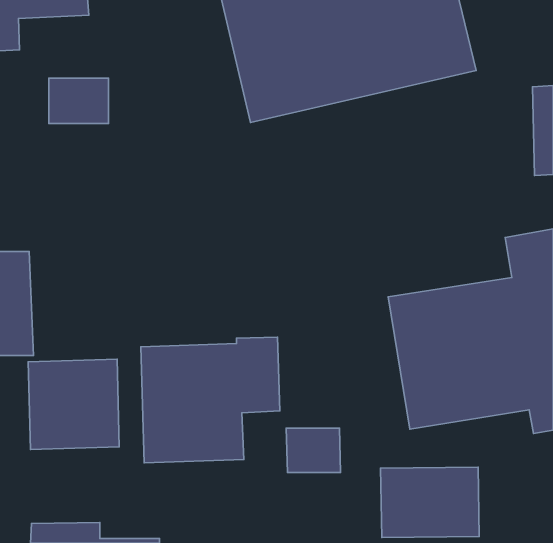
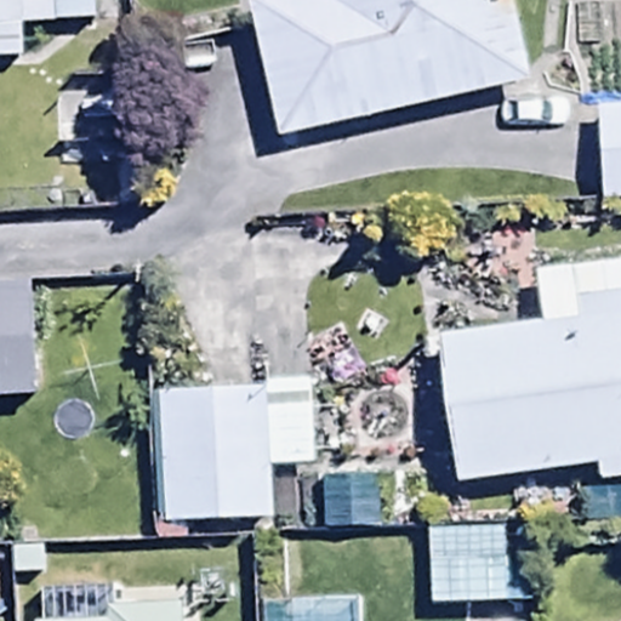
building: [28,359,119,449] -> none

